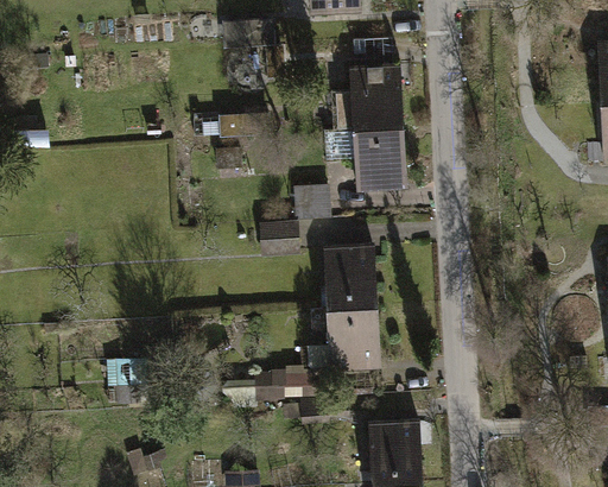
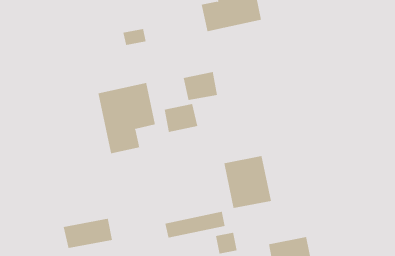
building: [352,127,407,192] -> none
building: none -> [98,82,155,154]
building: [322,244,378,308] -> none

